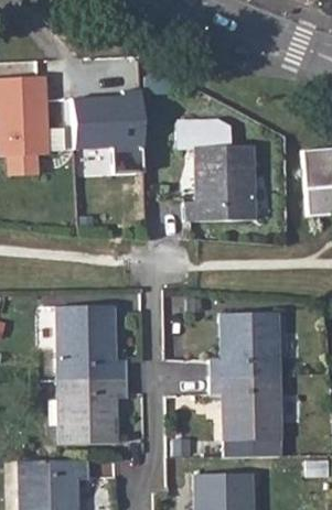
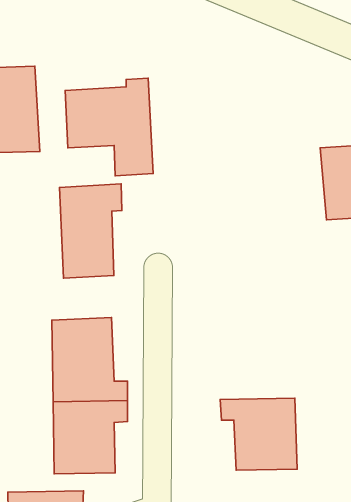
building: [179,120,253,220] -> none
building: none -> [60,184,122,278]
building: [211,312,278,377] -> none

